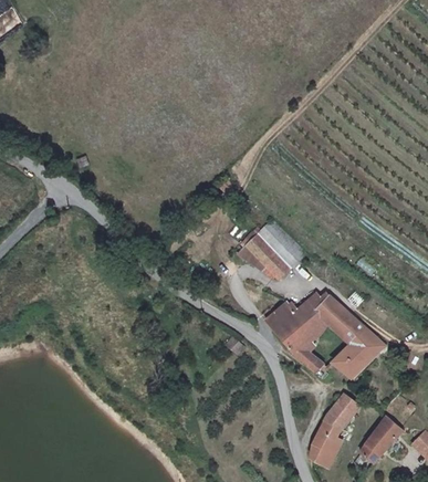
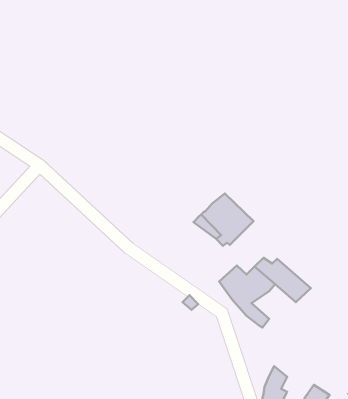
building: [333,327,385,378] -> none
building: [327,392,358,427] -> none
building: [372,415,404,447] -> none

